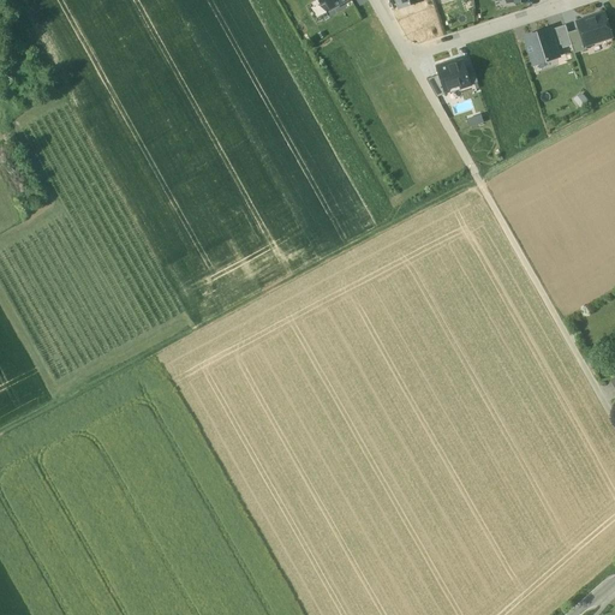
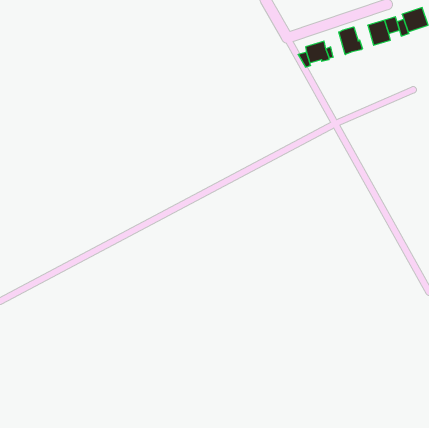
building: none -> [339,27,363,55]

